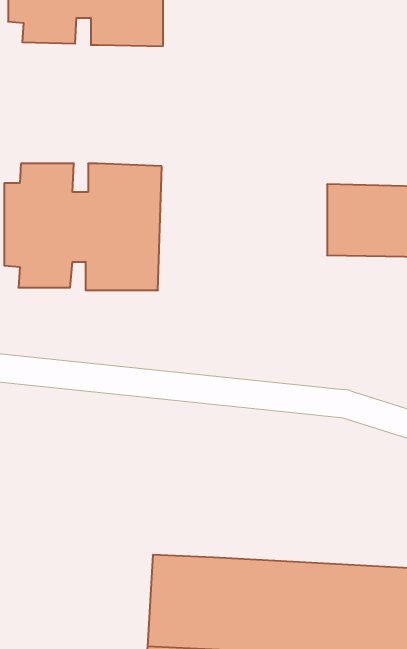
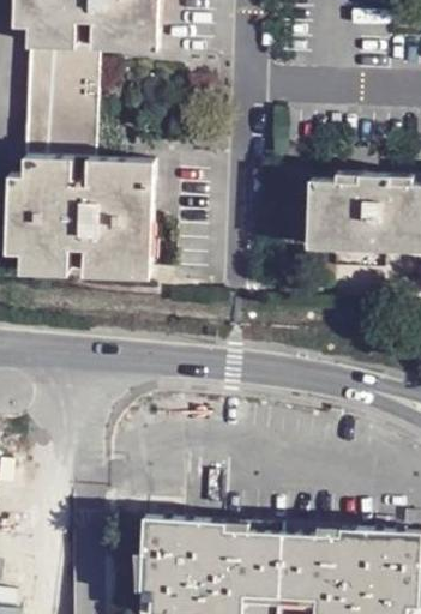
building: none -> [14,47,95,159]

